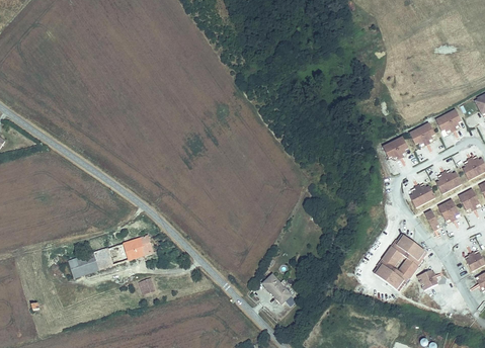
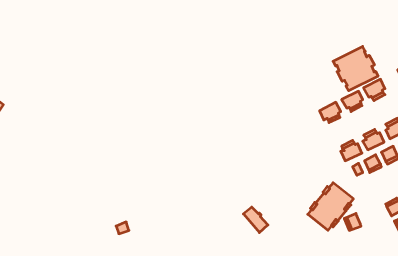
building: none -> [333,46,378,91]
building: [73,237,155,279] -> none
building: [262,274,292,304] -> [243,207,268,233]

